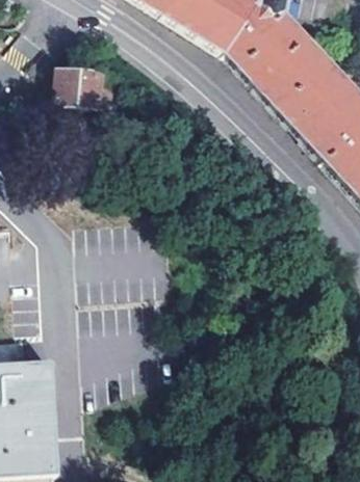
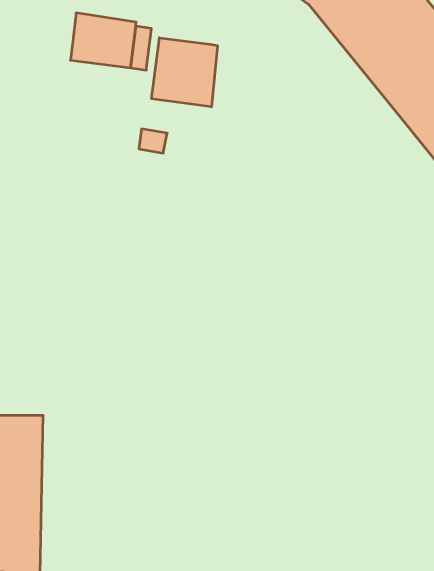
building: none -> [152,38,217,107]

